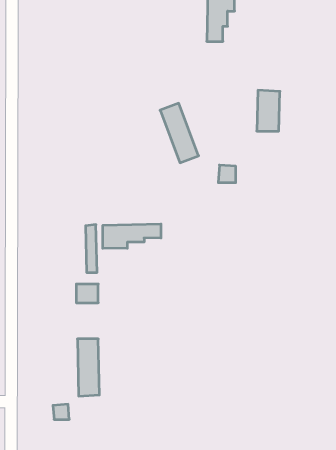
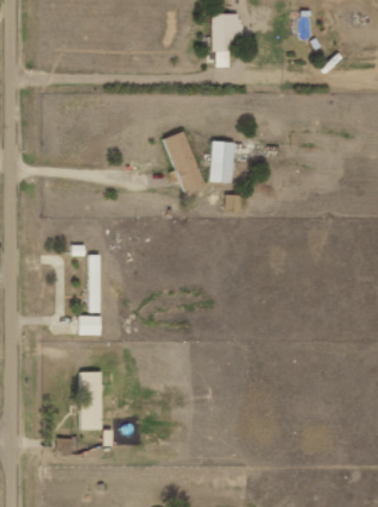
building: [257,90,280,131] -> [209,139,233,181]
building: [103,224,161,248] -> none

